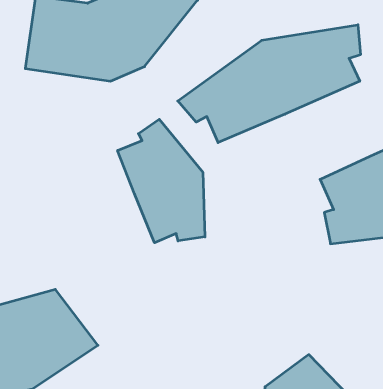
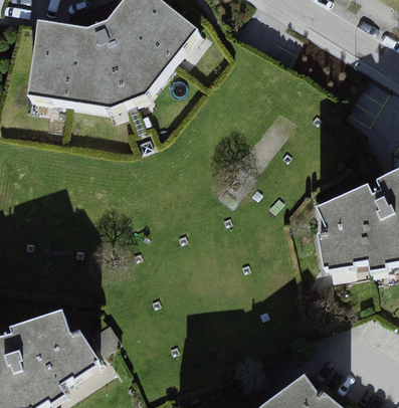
building: [178,25,360,143] -> none
building: [118,119,205,243] -> none

